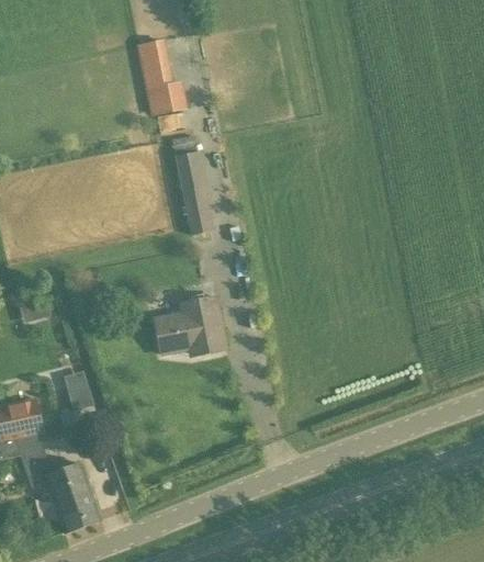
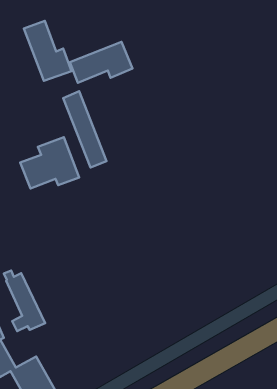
building: none -> [70,42,133,83]
building: [153,295,225,356] -> [20,137,79,188]

